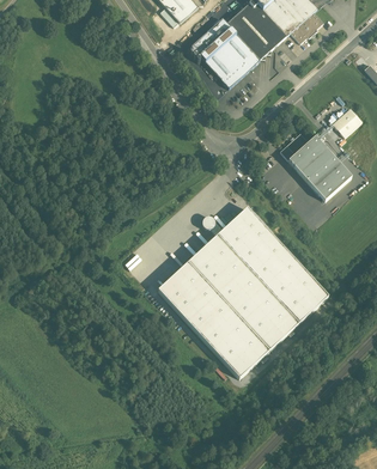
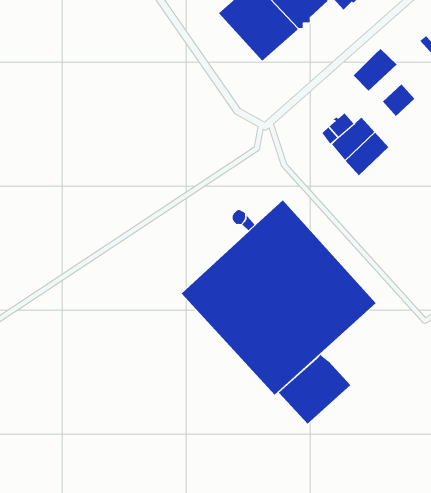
building: none -> [353,48,398,92]
building: [312,162,352,200] -> none
building: none -> [278,354,351,425]

